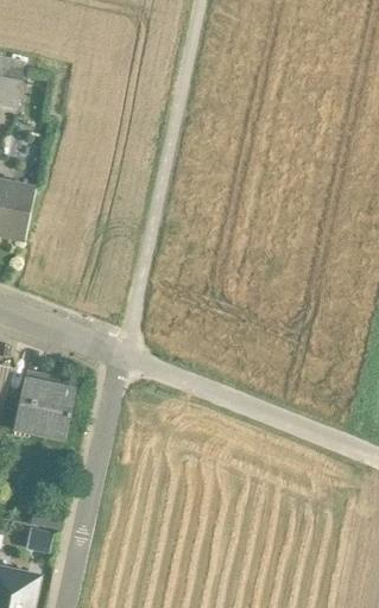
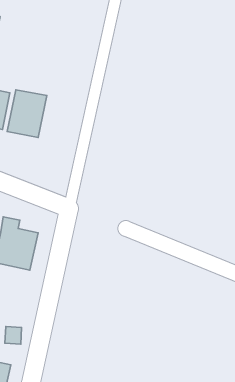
building: none -> [7,90,47,137]

